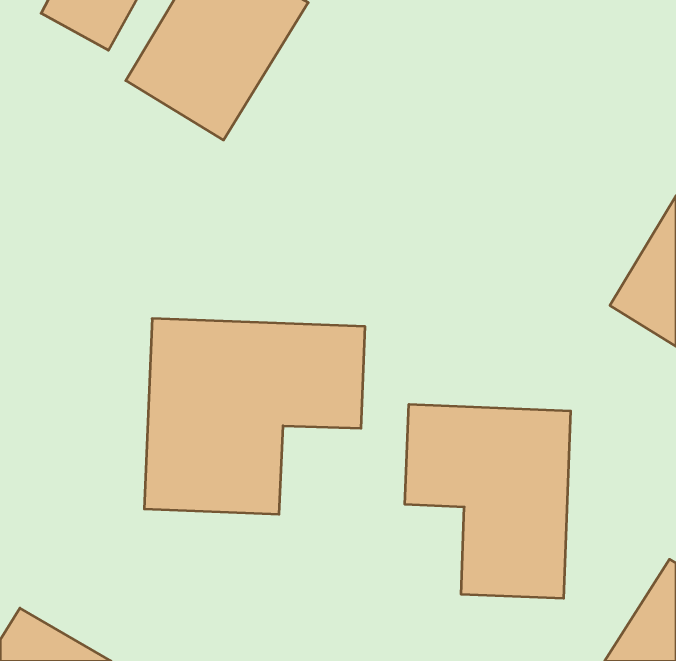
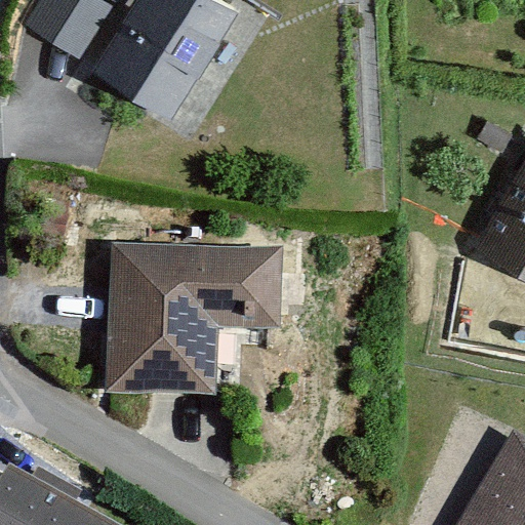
building: [405,404,571,598] -> none

